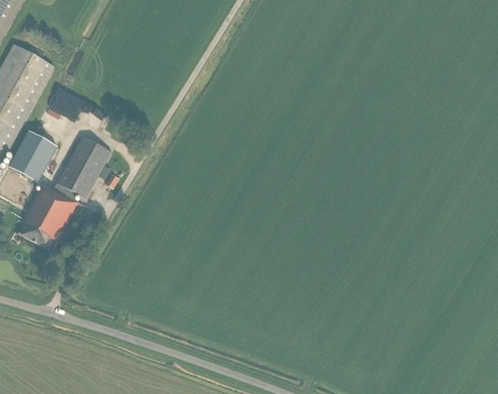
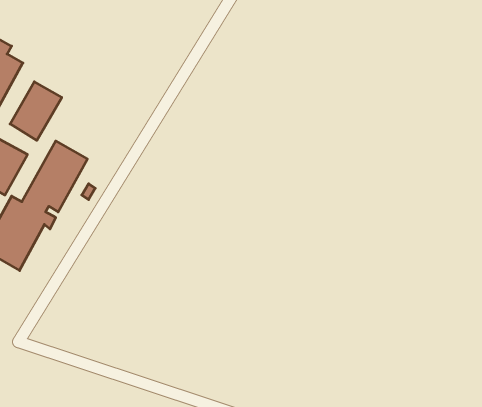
building: none -> [10,82,62,140]

